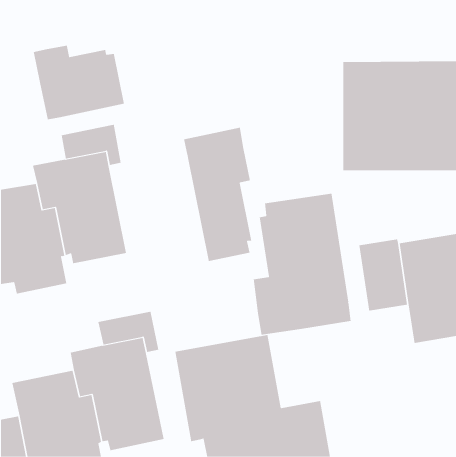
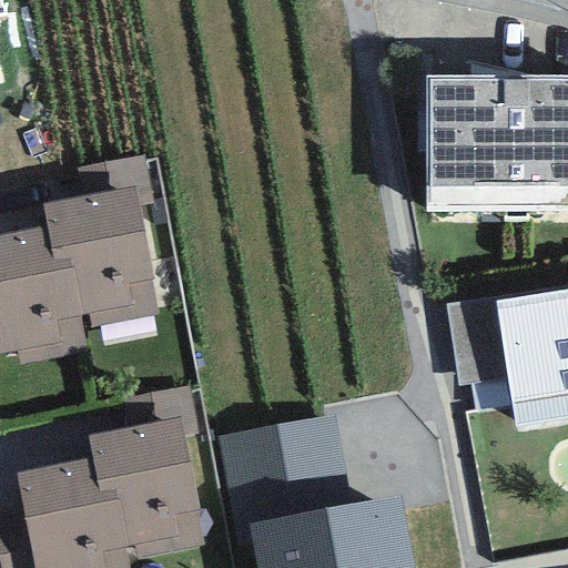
building: [33,45,125,120] -> none
building: [184,127,252,262] -> none
building: [253,193,351,336] -> none

